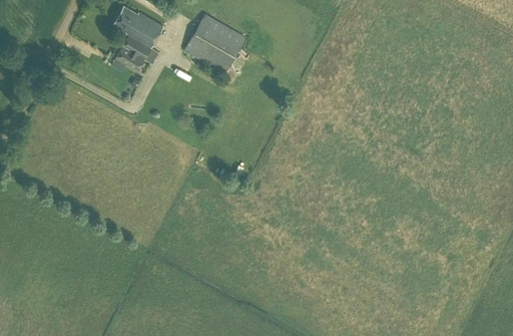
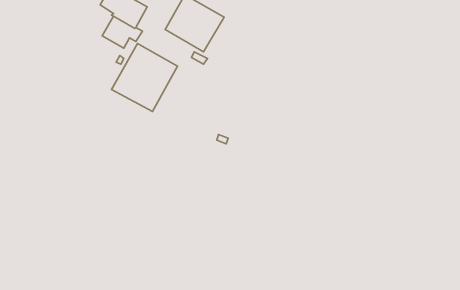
building: none -> [111,44,177,112]

